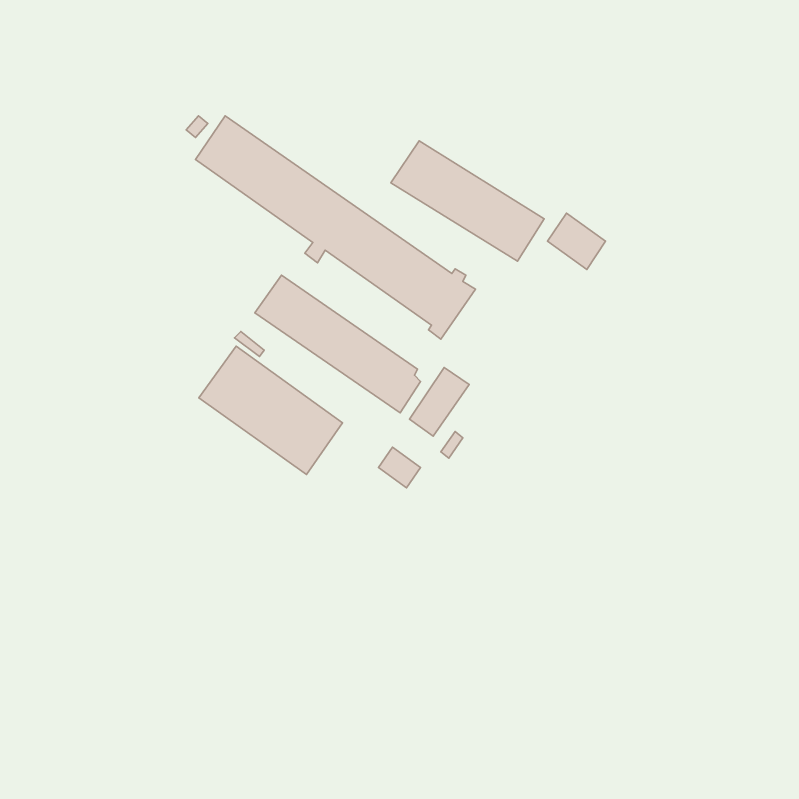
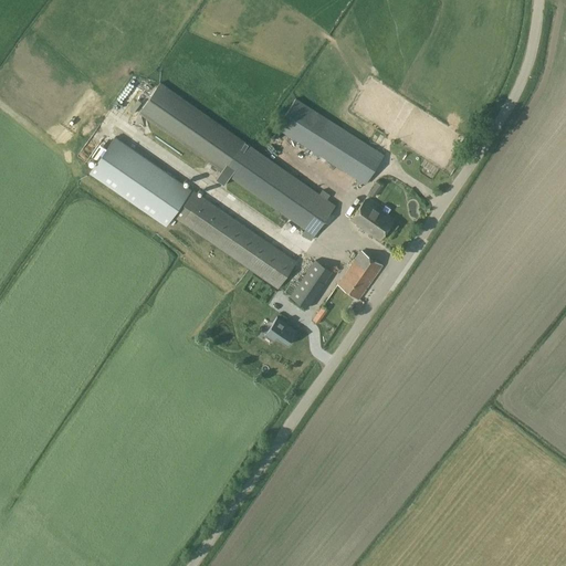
building: [548,213,605,269] -> [352,200,392,240]
building: [199,346,343,474] -> [88,136,190,227]
building: none -> [338,251,382,300]

